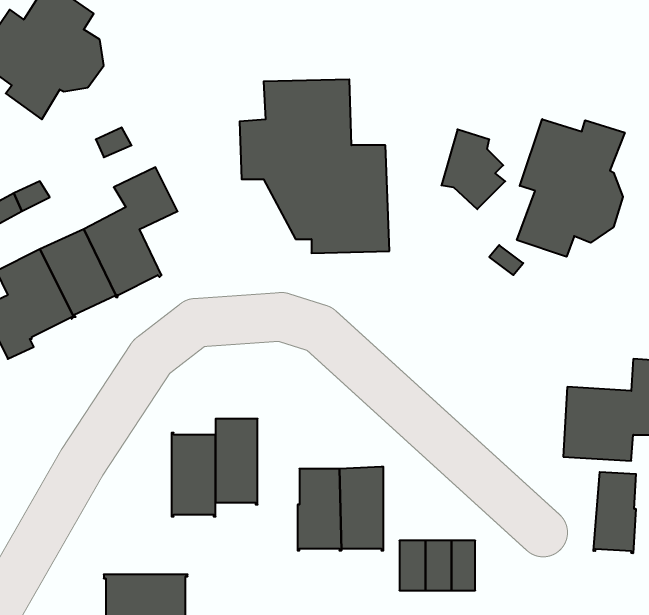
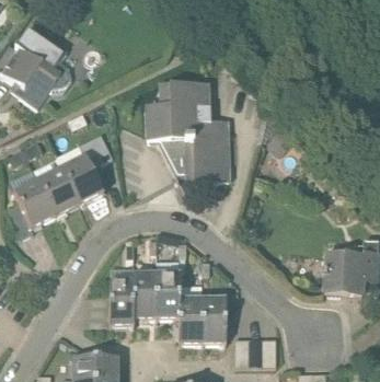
building: [517,119,625,257] -> none
building: none -> [157,269,180,316]
building: [593,472,636,553] -> none

